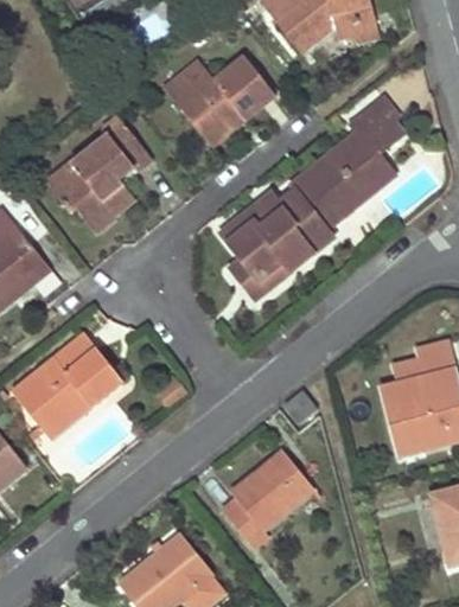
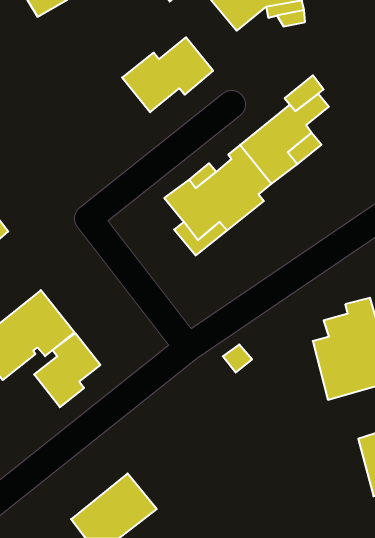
building: [55,114,152,225] -> none
building: none -> [34,333,100,407]
building: [223,453,313,547] -> none

